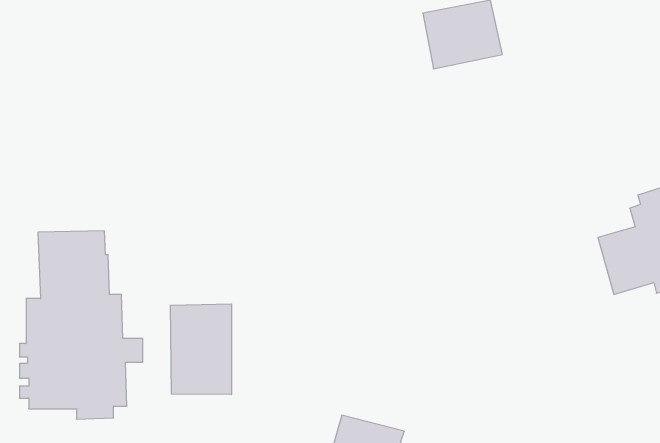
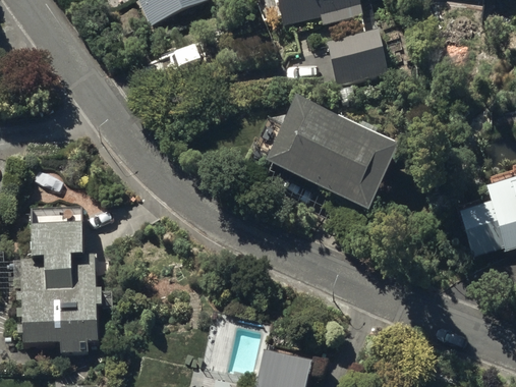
building: none -> [266,102,400,213]
building: [170,304,231,395] -> none

